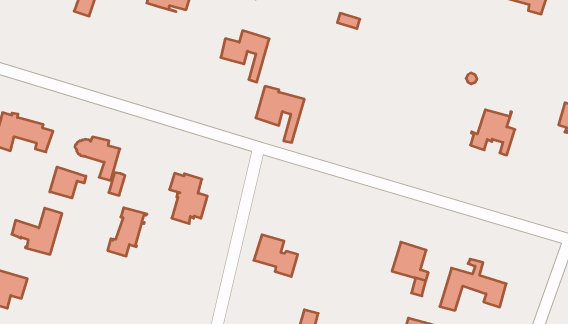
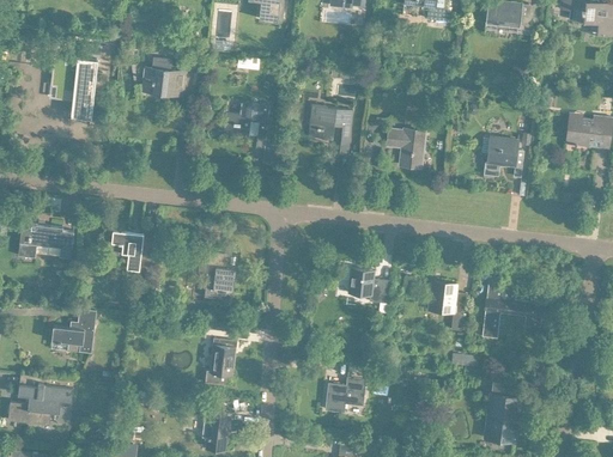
building: none -> [388,129,425,167]
building: [256,86,304,142] -> [309,104,353,154]
building: [50,167,86,198] -> none
building: [108,208,147,256] -> [206,339,238,385]
building: [254,235,298,277] -> [348,268,390,304]

